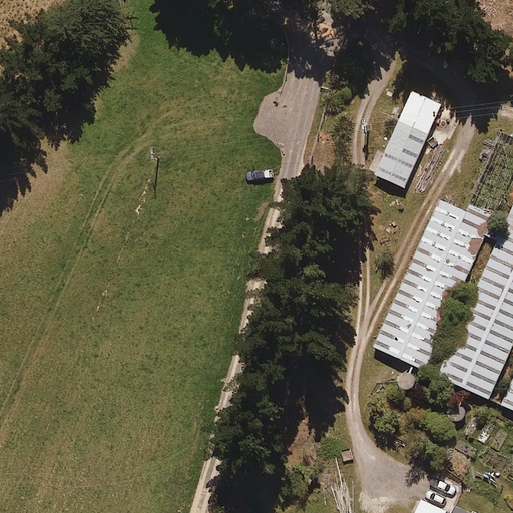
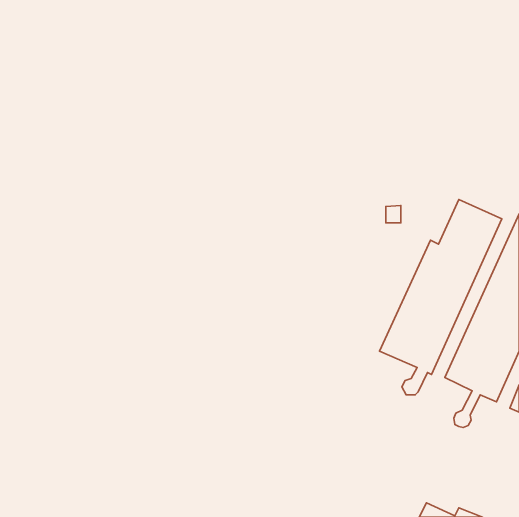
building: [374,93,440,189] -> none

